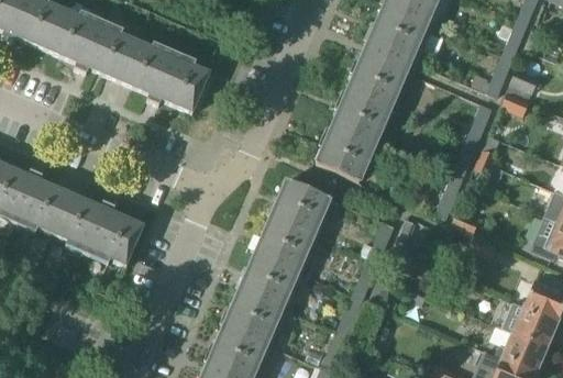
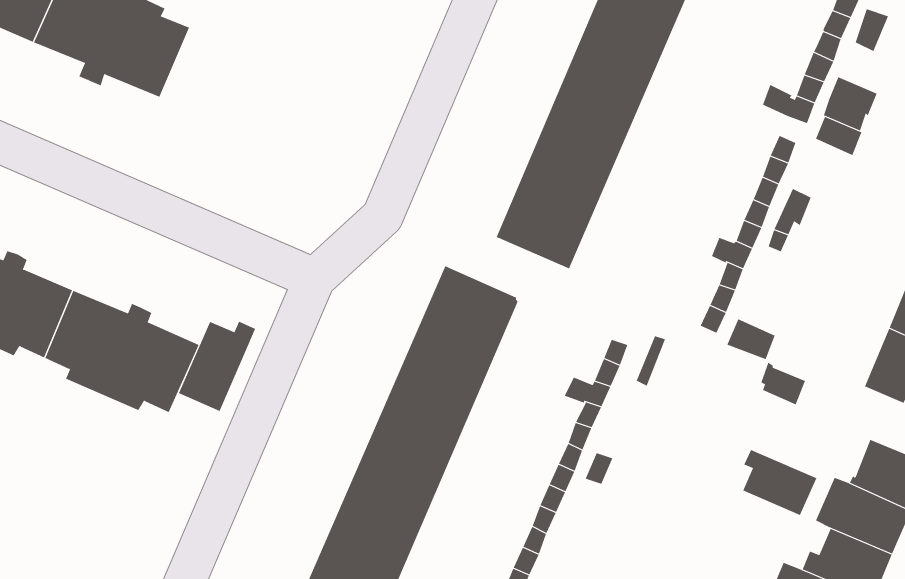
building: [121,41,211,113] -> none
building: none -> [178,321,256,412]
building: none -> [743,449,817,516]

